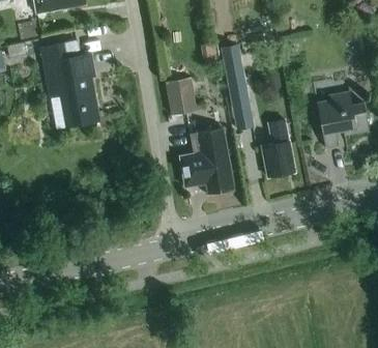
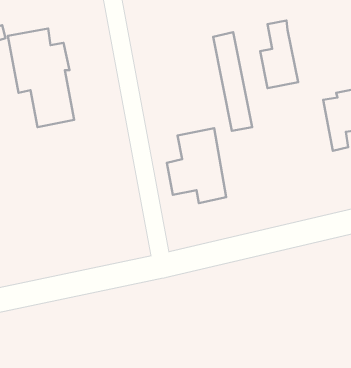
building: [166,77,196,114] -> none
building: [262,119,295,178] -> [260,20,298,88]

